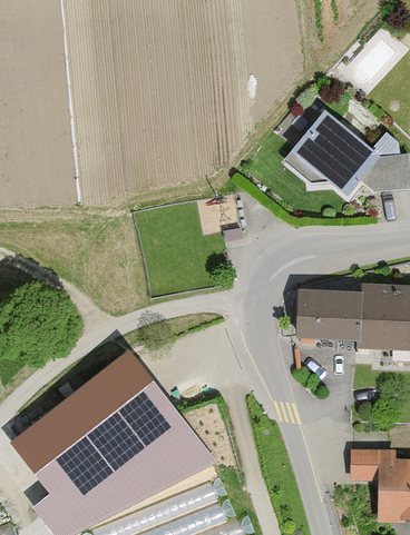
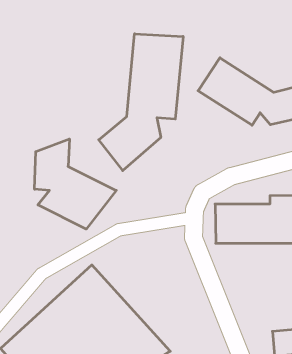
building: none -> [99,34,183,171]
building: none -> [35,139,116,229]

